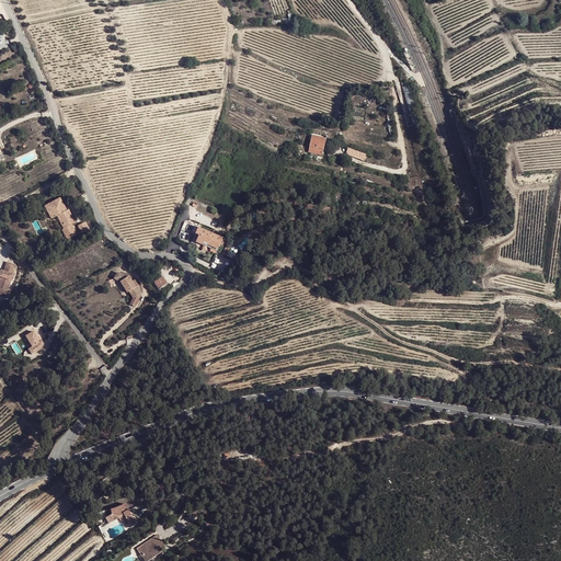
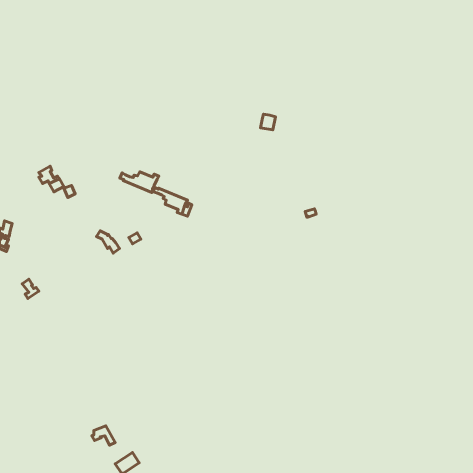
building: none -> [120,172,159,192]

